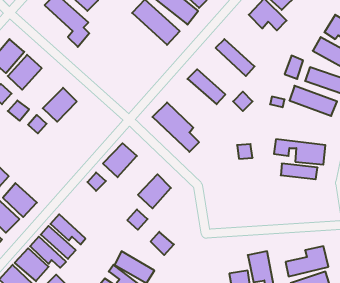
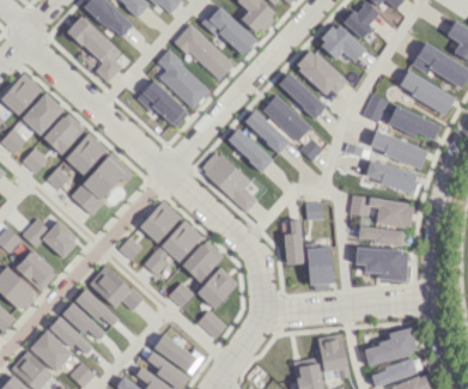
building: none -> [294,49,345,98]
building: none -> [157,50,209,109]
building: none -> [139,80,189,129]
building: none -> [262,95,310,142]
building: none -> [43,113,85,156]
building: none -> [227,128,273,172]
building: none -> [71,153,134,214]
building: none -> [364,159,417,193]
building: none -> [22,218,79,259]
building: none -> [144,220,202,273]
building: none -> [285,220,302,265]
building: none -> [306,247,333,291]
building: none -> [355,249,407,281]
building: none -> [89,266,142,311]
building: none -> [196,267,238,309]

